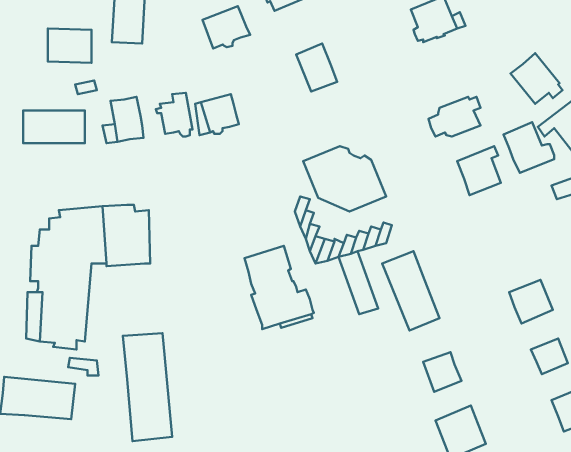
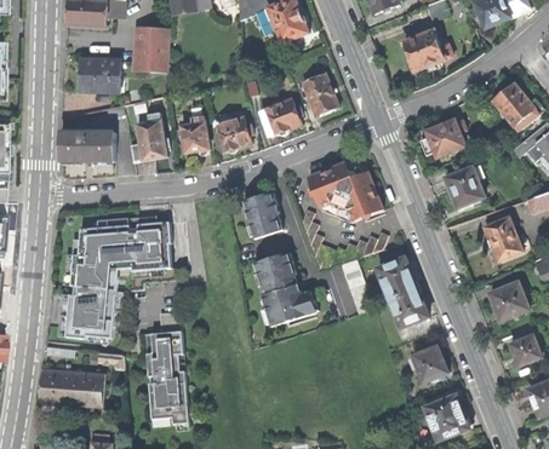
building: [202,6,250,48] -> [258,98,301,136]
building: [504,122,554,173] -> [484,215,528,260]
building: none -> [244,191,282,237]

